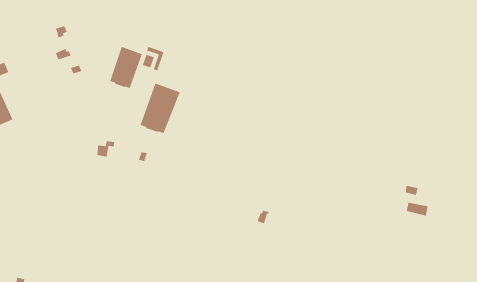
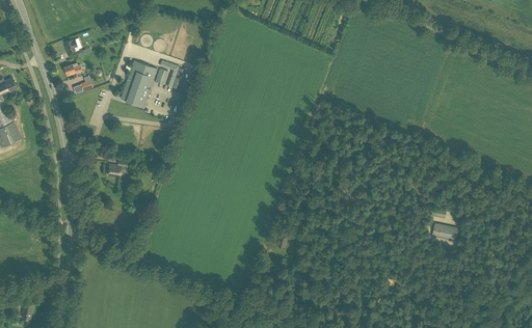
building: [139,82,181,134] -> none

